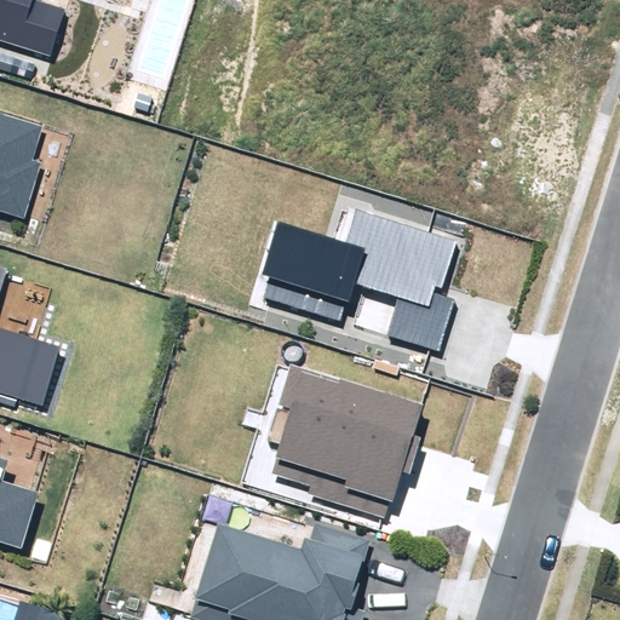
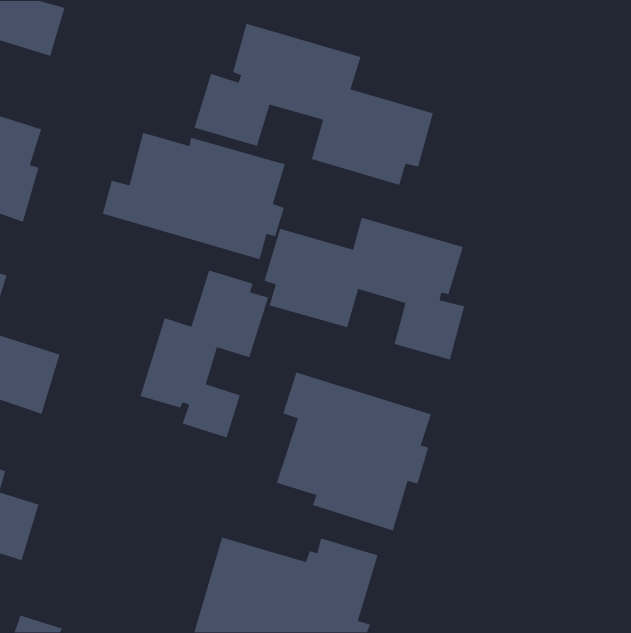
building: none -> [194,23,434,186]
building: none -> [102,132,286,260]
building: none -> [140,270,269,439]

